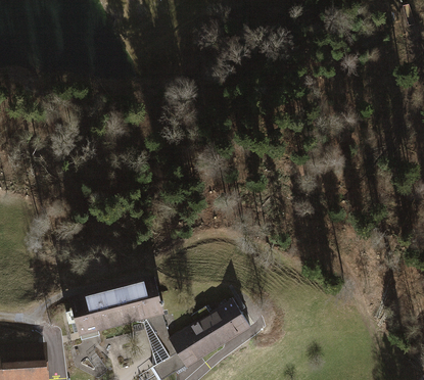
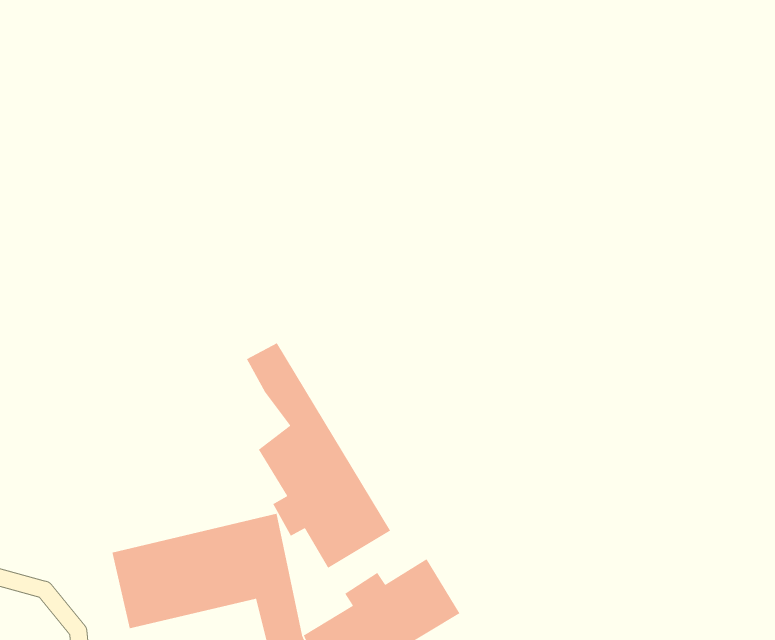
building: none -> [246,342,391,569]

